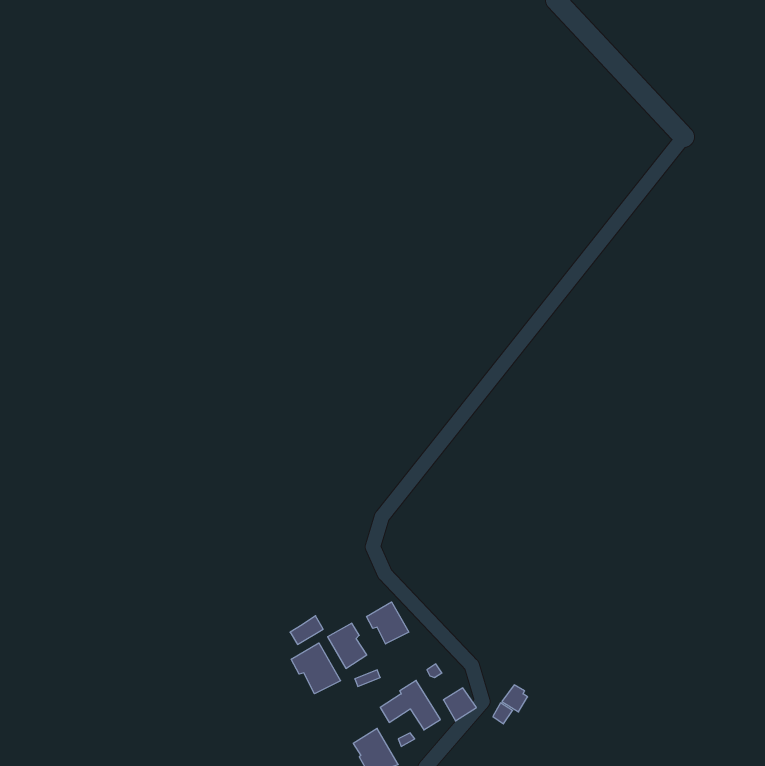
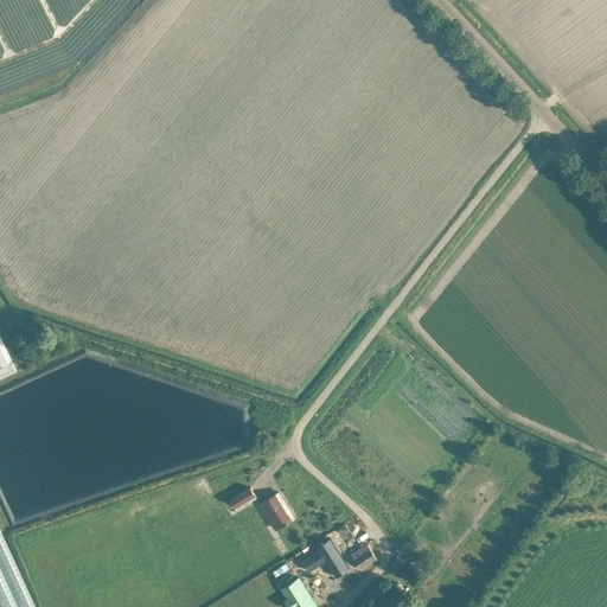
building: [367,602,409,644] -> none
building: [291,643,341,694] -> none

